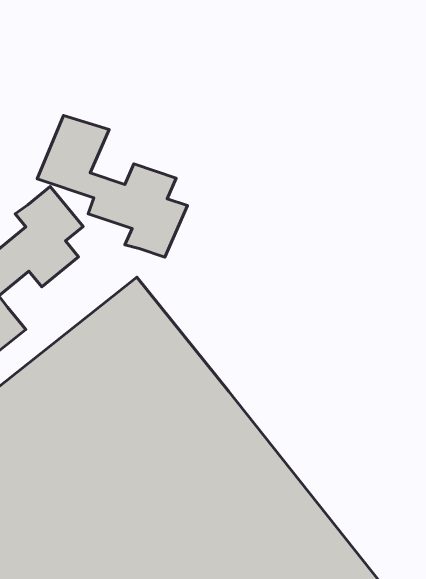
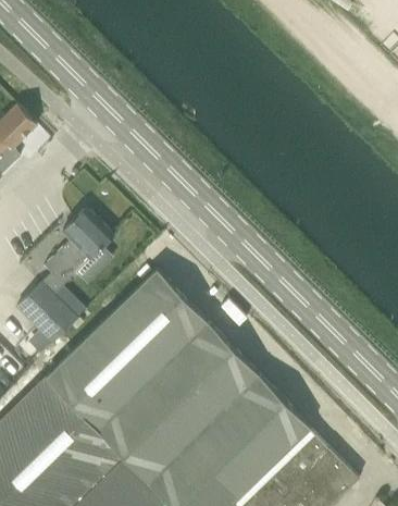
building: [37,116,187,257] -> none

